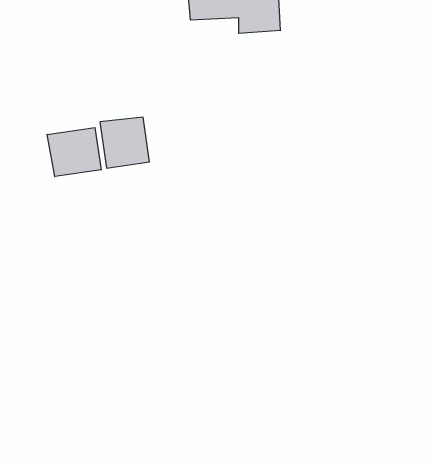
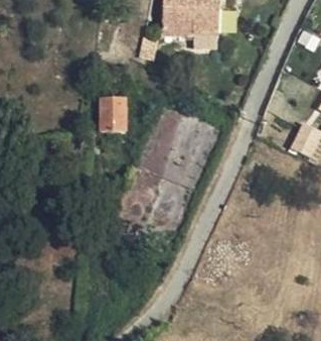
building: [47,128,101,177] -> none

